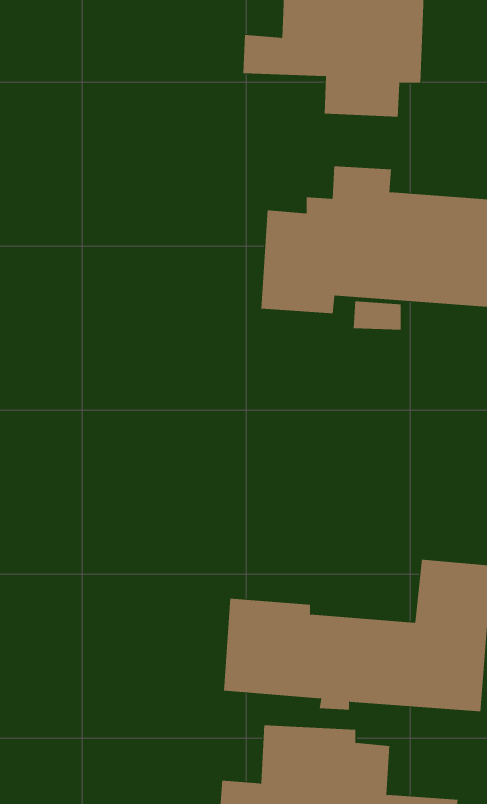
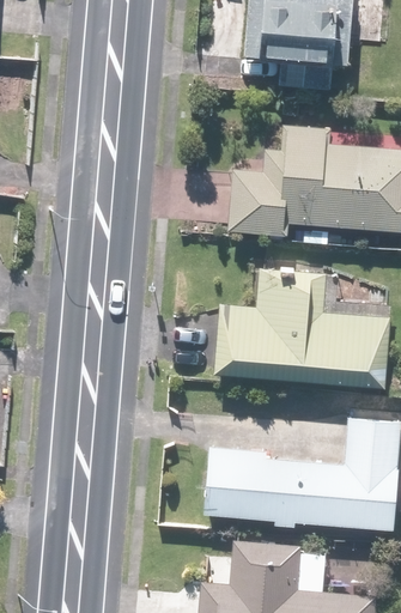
building: none -> [212,271,391,388]

